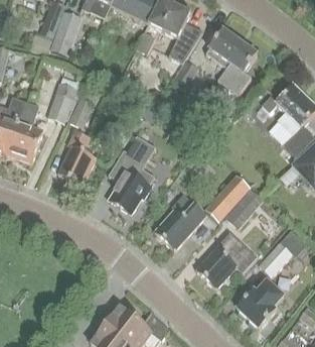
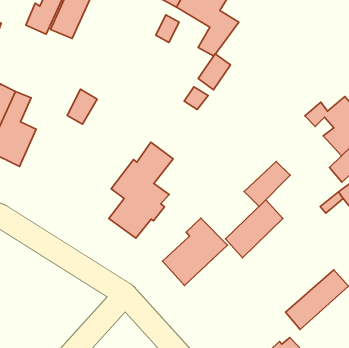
building: [206,29,257,95] -> none
building: [46,74,82,123] -> none
building: [57,129,96,186] -> none
building: [225,189,262,226] -> [244,162,290,206]
building: [197,232,255,287] -> none

